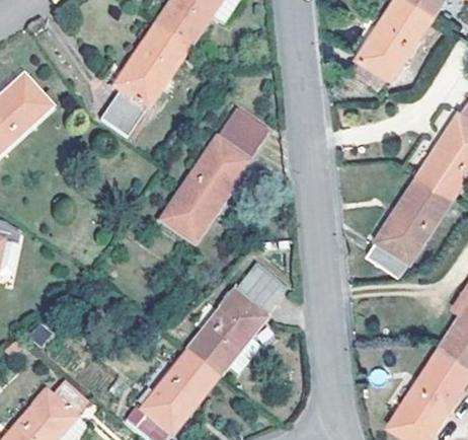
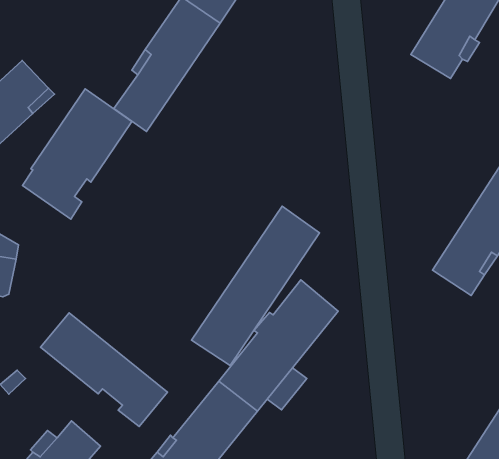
building: none -> [22,89,132,219]
building: [162,107,269,241] -> [192,206,320,365]
building: none -> [41,313,168,427]

